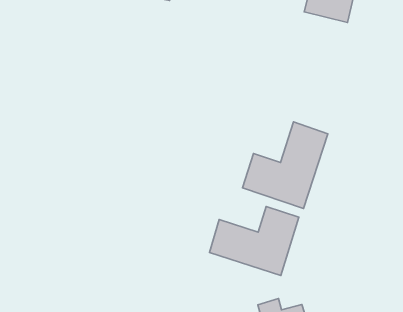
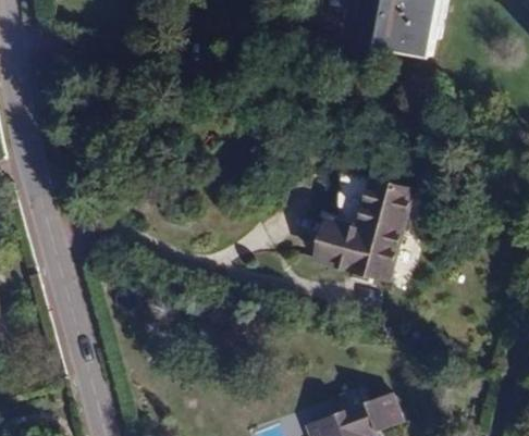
building: [209,207,299,276] -> none

